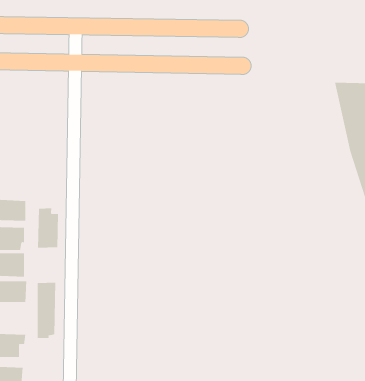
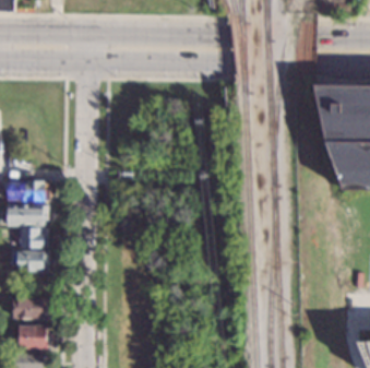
building: [38,207,59,248] -> none
building: [37,282,56,339] -> none

